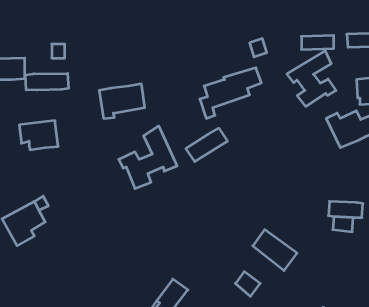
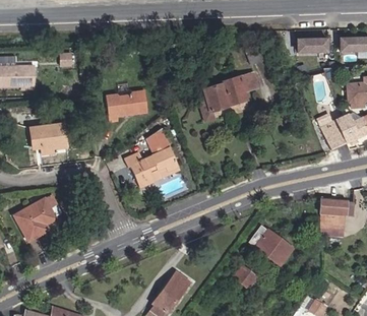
building: [287,51,336,106] -> none
building: [25,73,68,90] -> none
building: [186,128,227,162] -> none

